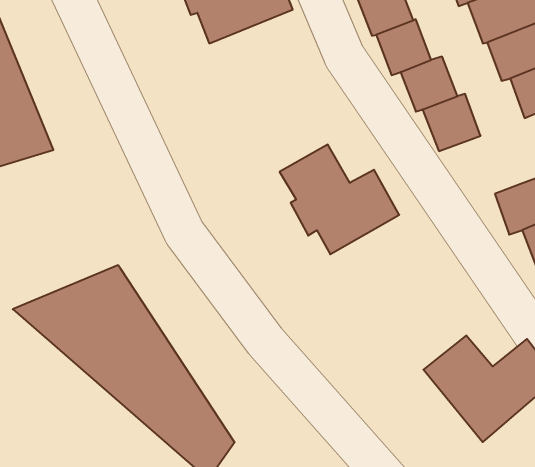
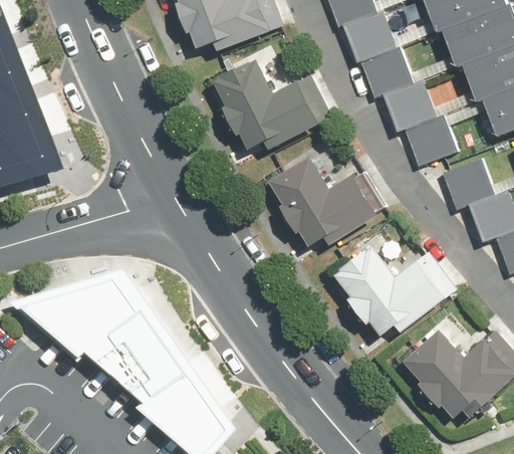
building: none -> [218,60,318,157]
building: none -> [438,153,490,204]
building: none -> [330,243,450,348]

